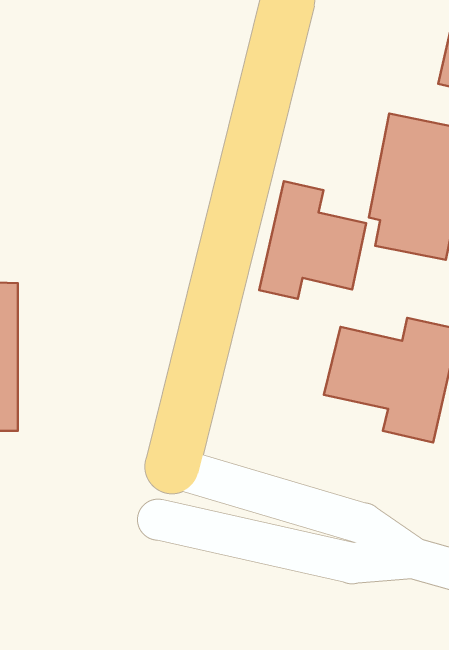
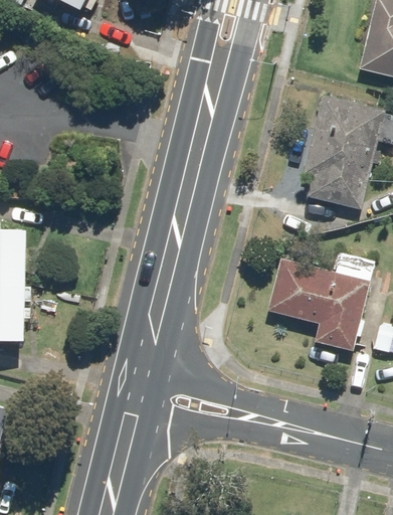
building: [259,181,366,299] -> none

